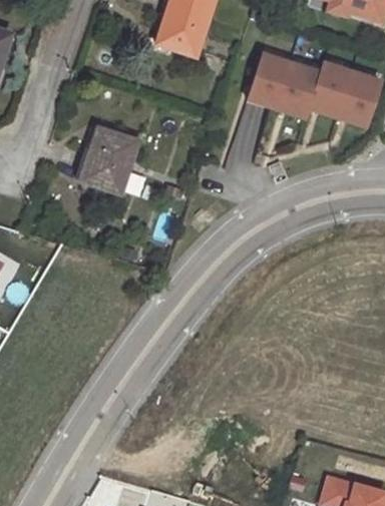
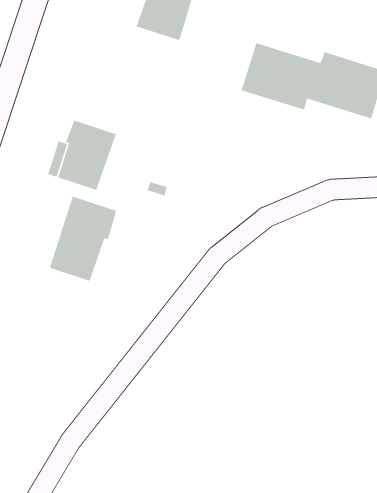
building: none -> [49,195,117,282]

